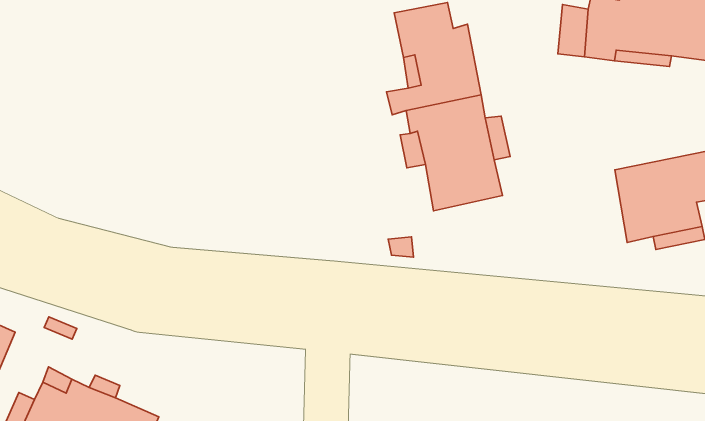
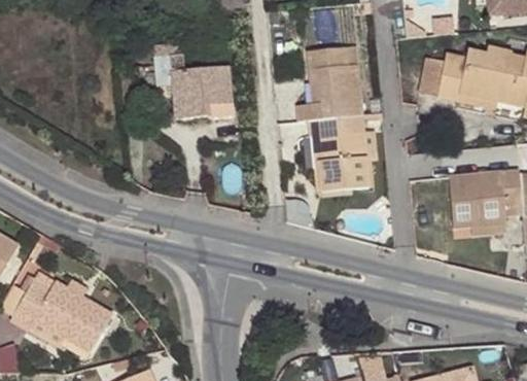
building: none -> [154,54,232,116]

